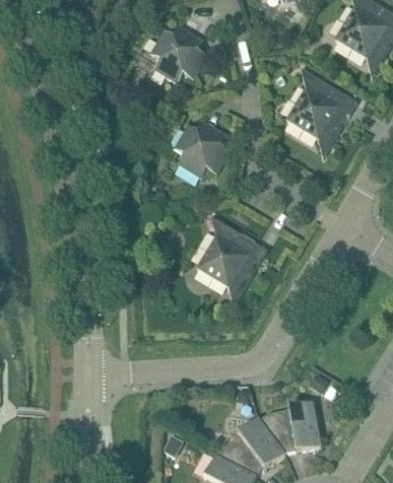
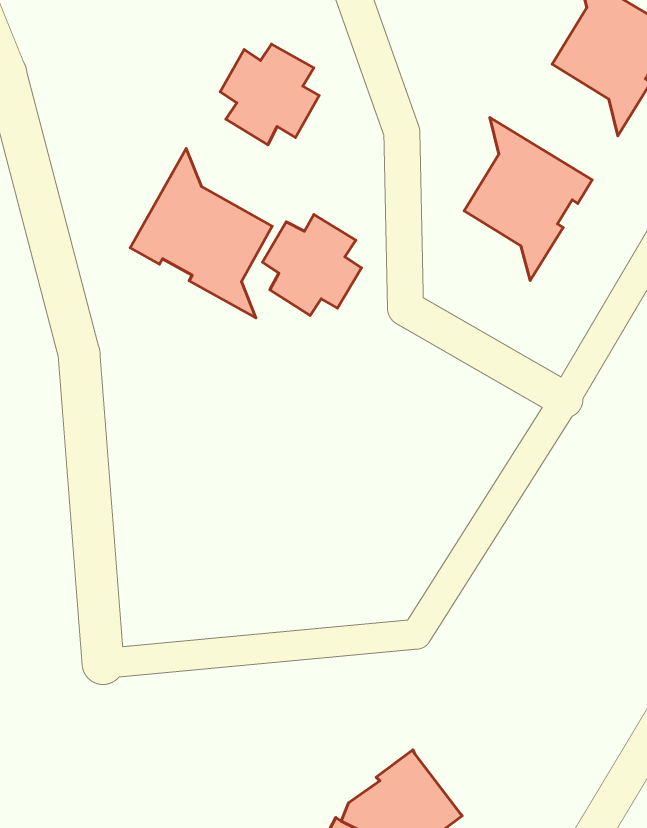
building: none -> [130,149,272,318]
building: [197,215,268,305] -> none
building: [259,402,321,453] -> none

